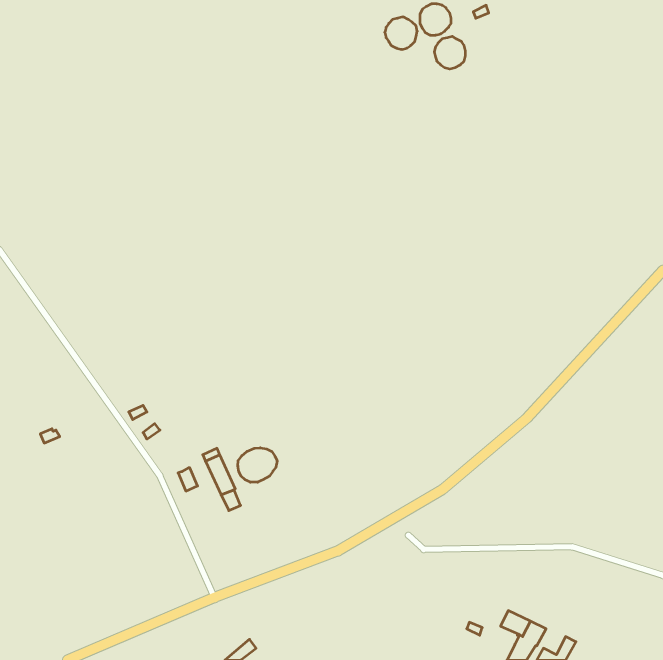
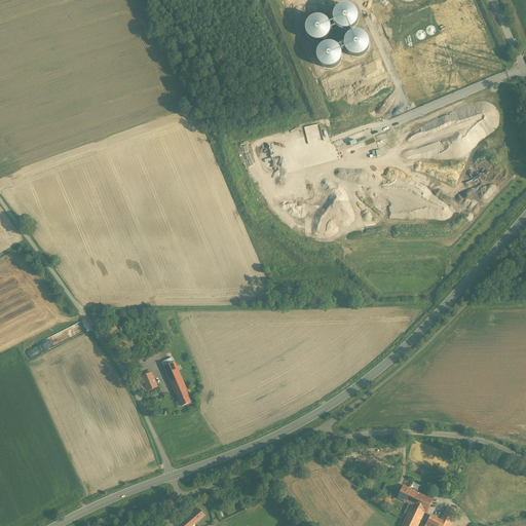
building: none -> [315,41,340,66]
building: [238,448,277,482] -> none

